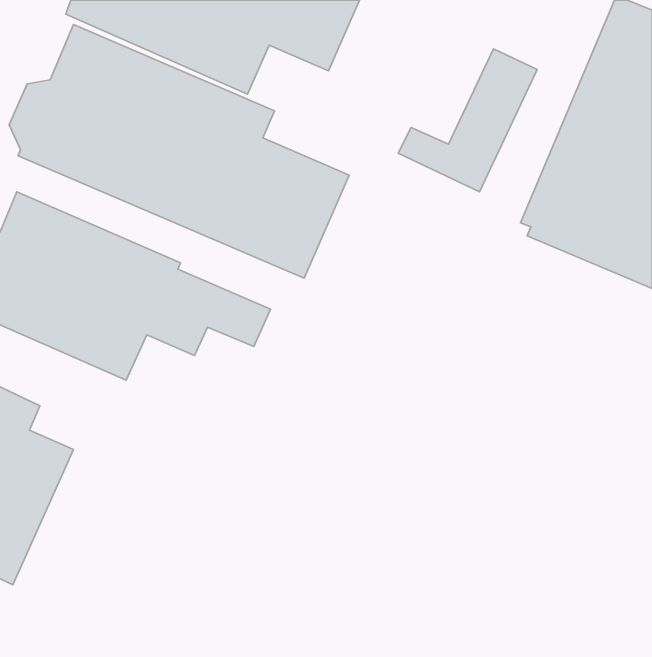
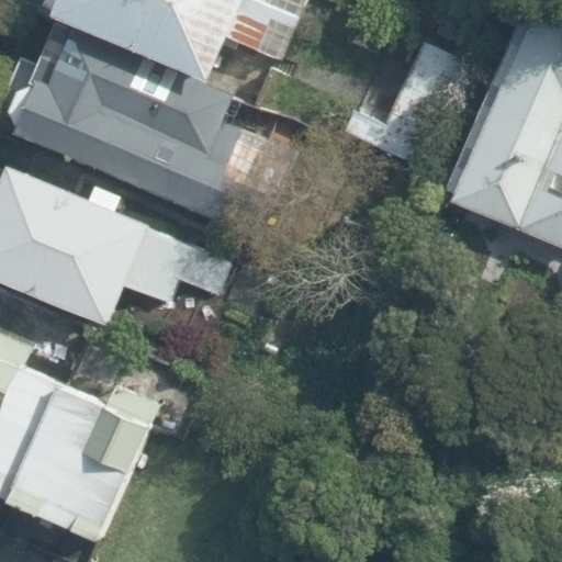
building: none -> [11,384,158,539]

